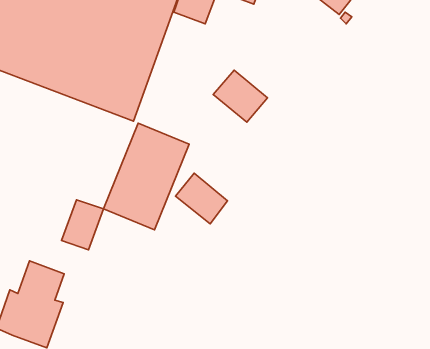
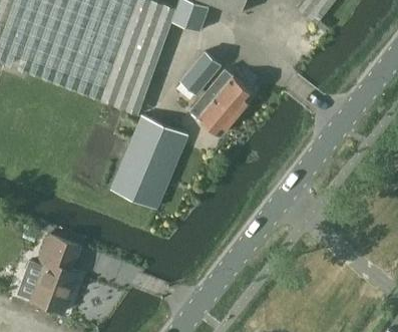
building: none -> [181,52,220,92]
building: [176,173,228,224] -> [190,90,236,134]
building: [62,200,103,250] -> none

